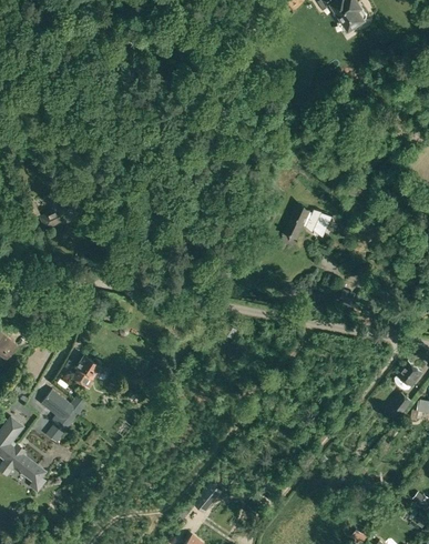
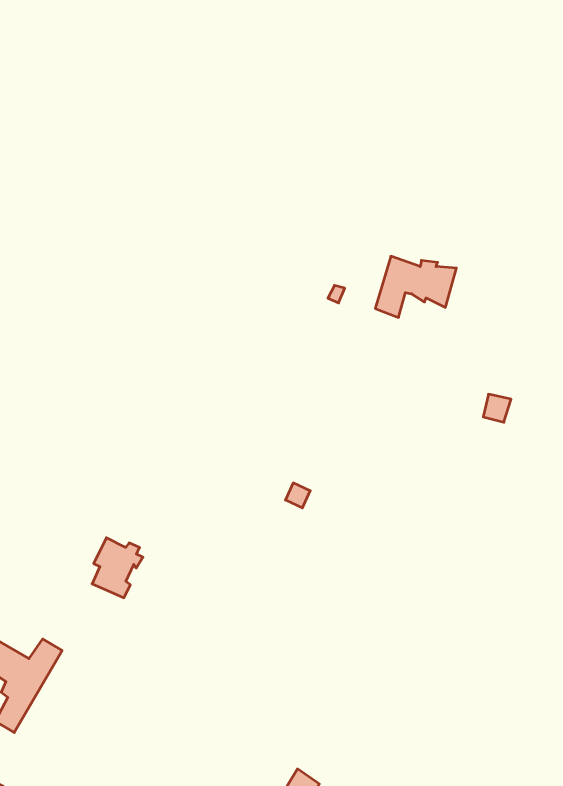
building: [72,355,102,390] -> [92,538,143,598]

